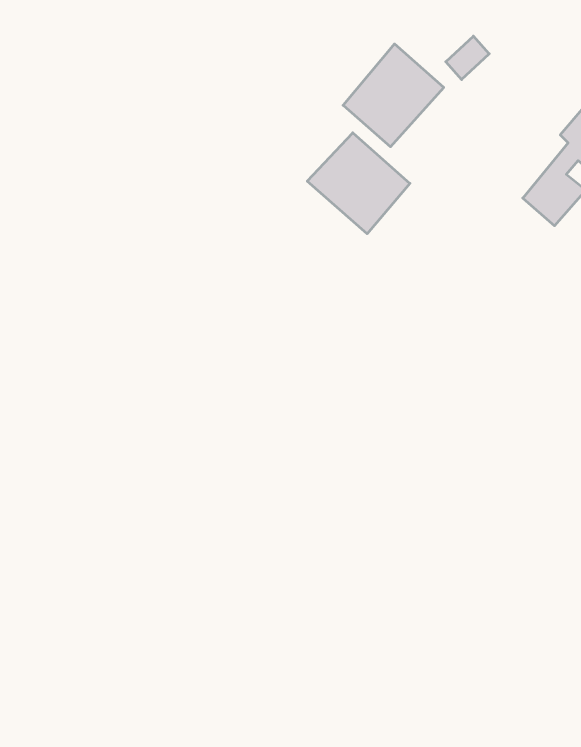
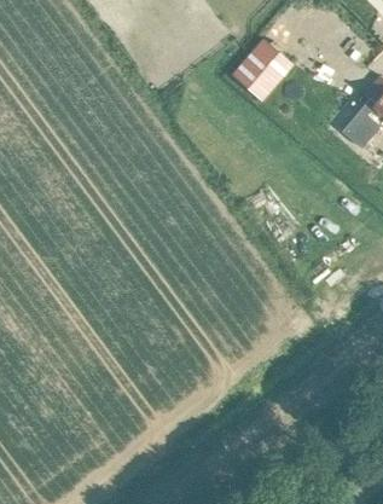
building: [307,133,410,234] -> none

